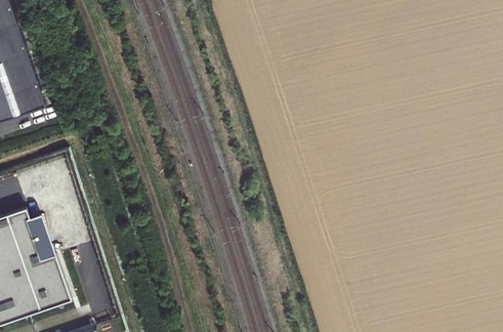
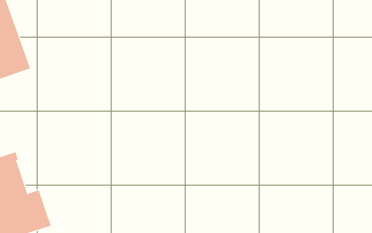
building: [27,214,54,260] -> none

